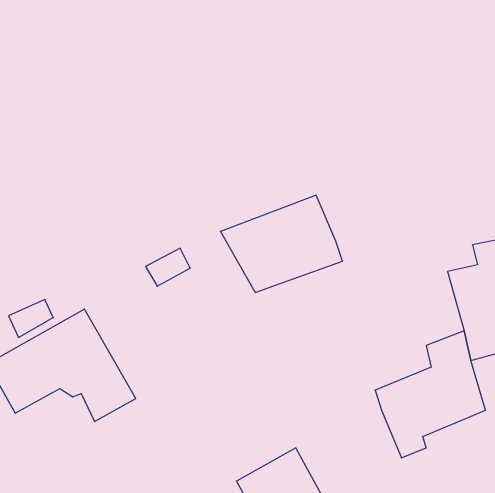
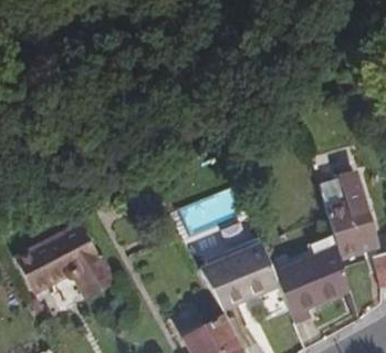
building: [220,195,343,292] -> [199,245,281,310]

